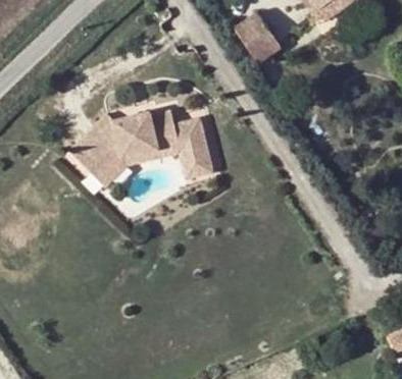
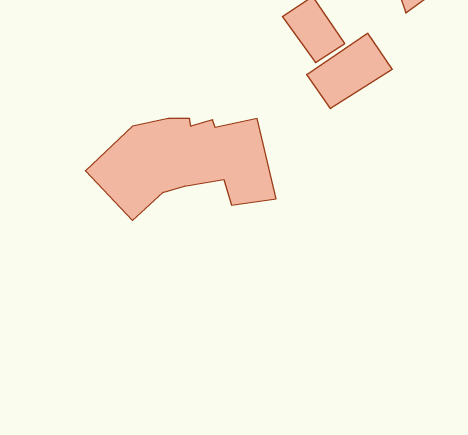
building: none -> [307,33,392,109]

